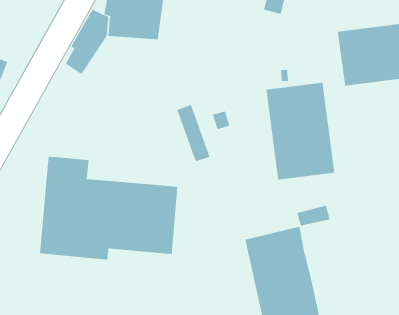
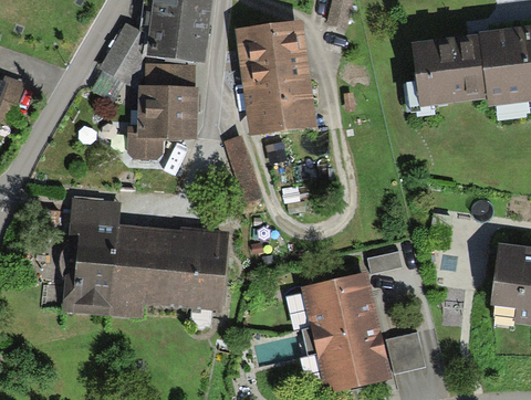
building: none -> [126,61,198,157]
building: [265,82,335,180] -> [235,17,316,131]
building: none -> [387,331,427,373]

